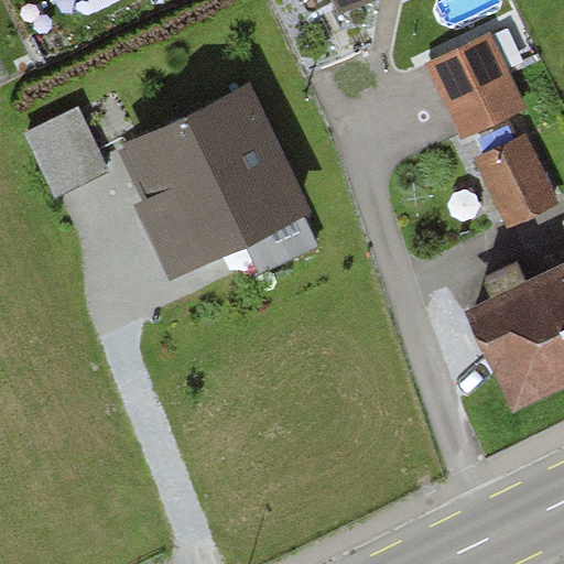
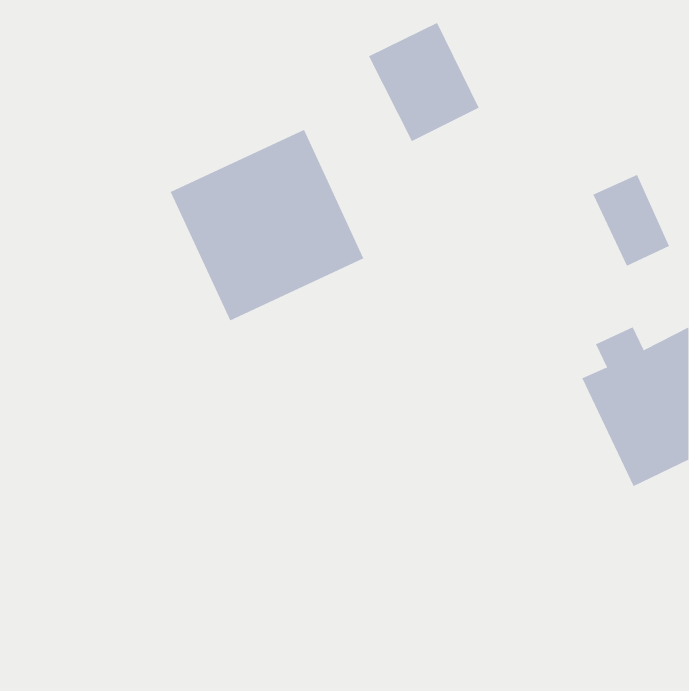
building: [427,41,518,138] -> [368,22,480,142]
building: [31,105,111,195] -> none

